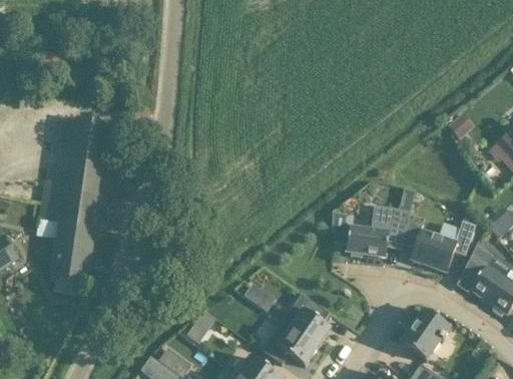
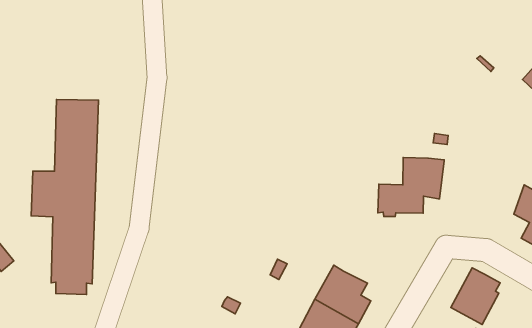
building: [412,225,479,276] -> none

